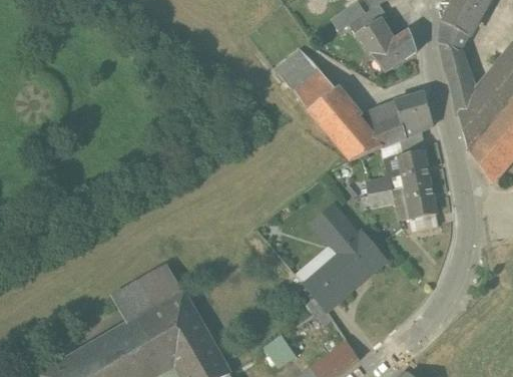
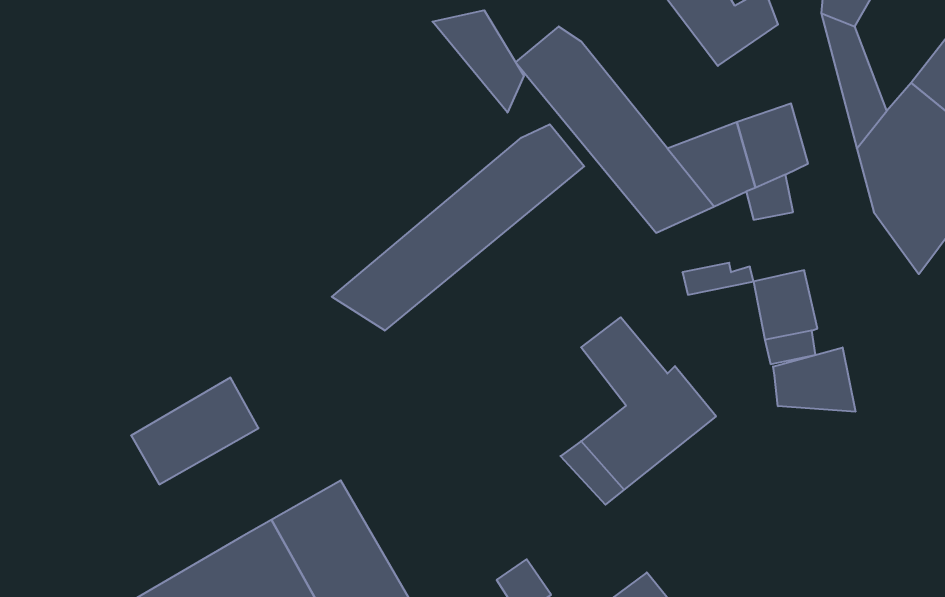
building: none -> [432,10,524,113]
building: none -> [332,124,584,331]
building: [397,149,430,186] -> none
building: none -> [773,347,855,412]
building: [114,266,182,323] -> [131,378,259,484]

